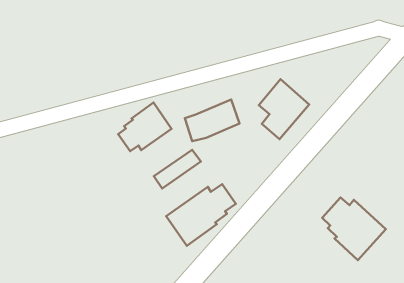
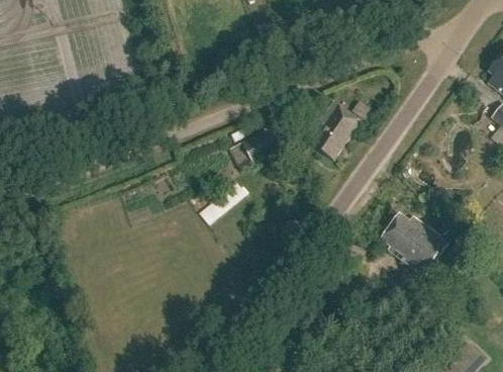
building: [118,103,172,151] -> none
building: [166,184,236,246] -> none

